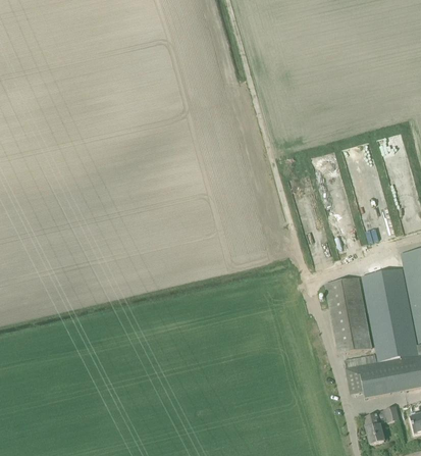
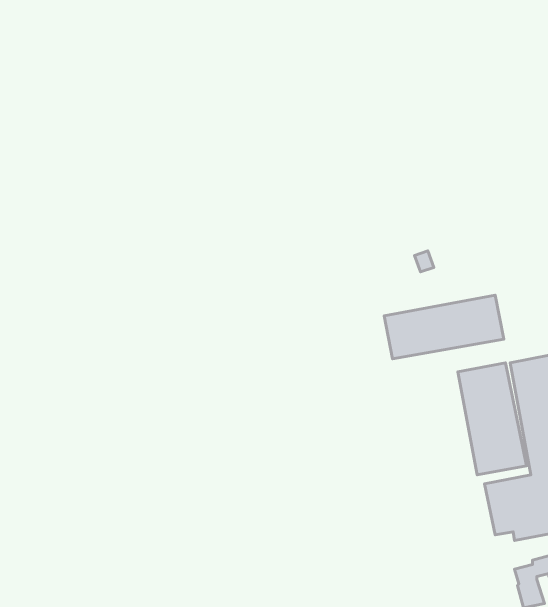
building: none -> [384,295,504,359]

